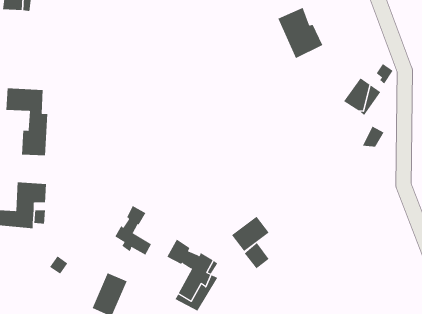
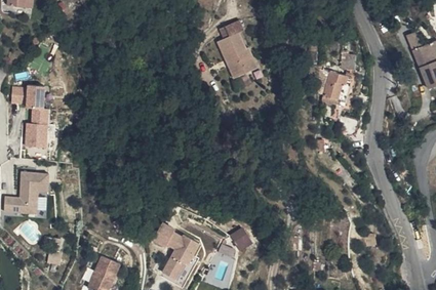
building: [277,7,323,59] -> [219,32,261,79]
building: [115,205,152,256] -> none
building: [231,216,270,252] -> none

